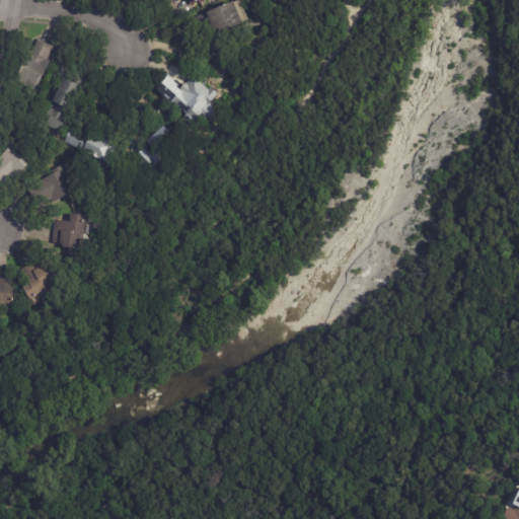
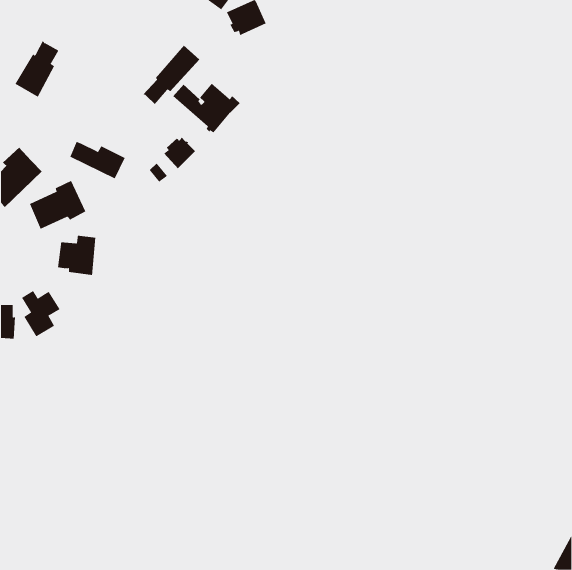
building: none -> [143,45,200,105]
building: [44,77,79,132] -> none

